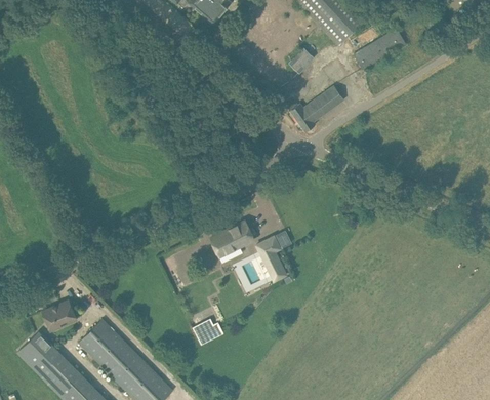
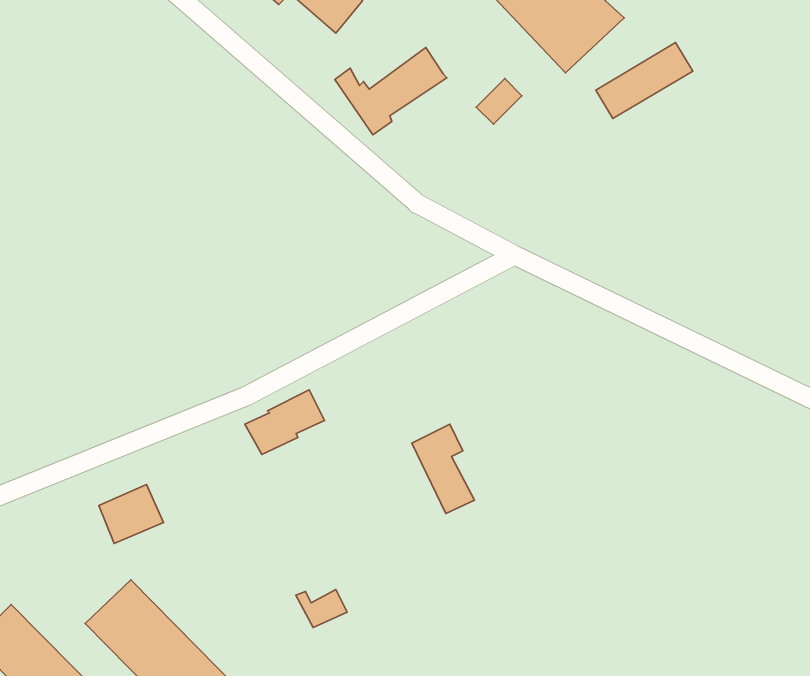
building: [284,84,344,131] -> [335,47,447,135]
building: [210,221,253,255] -> [245,390,324,455]
building: [42,298,77,330] -> [99,485,164,543]

